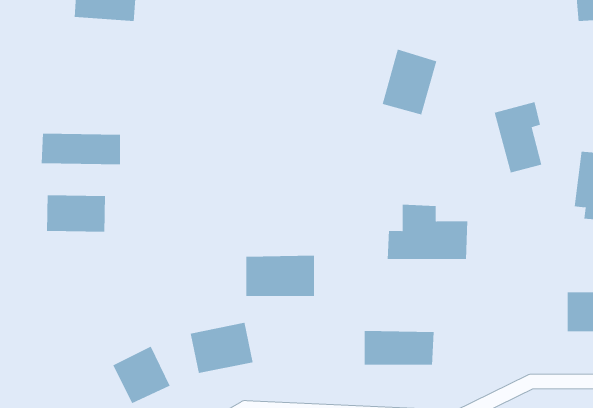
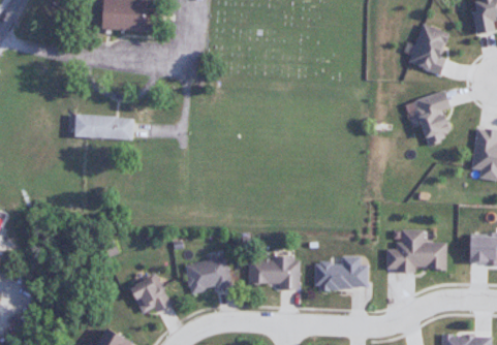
building: [382,49,437,115] -> [409,23,451,72]
building: [46,195,105,232] -> none
building: [387,204,468,260] -> [386,229,447,271]
building: [246,255,315,297] -> [249,256,301,287]

